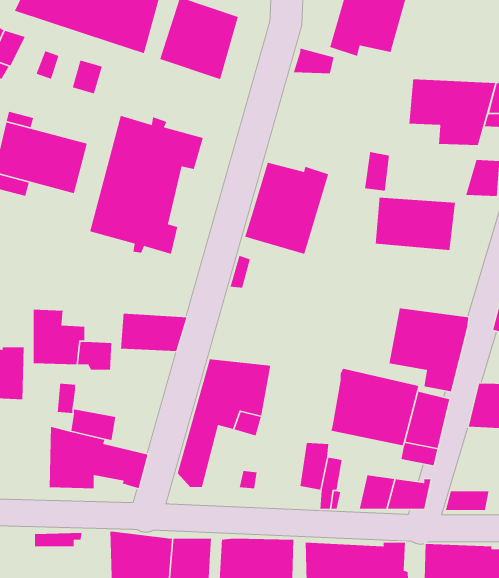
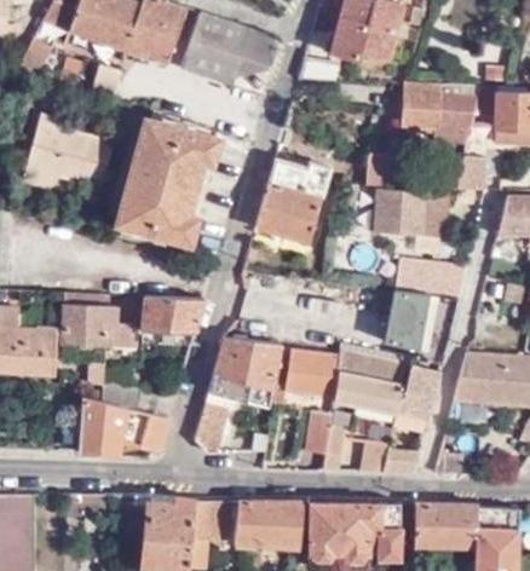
building: none -> [235,30,280,86]
building: none -> [394,263,466,300]
building: none -> [275,350,341,398]

